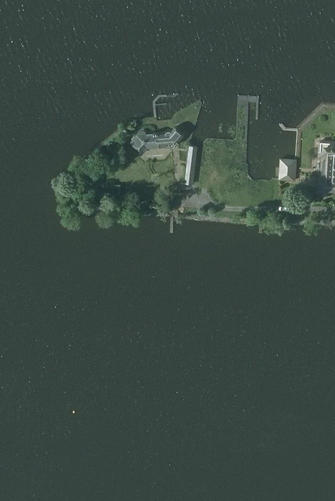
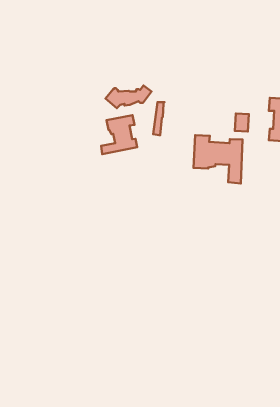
building: none -> [101,115,137,154]
building: none -> [193,135,243,183]

